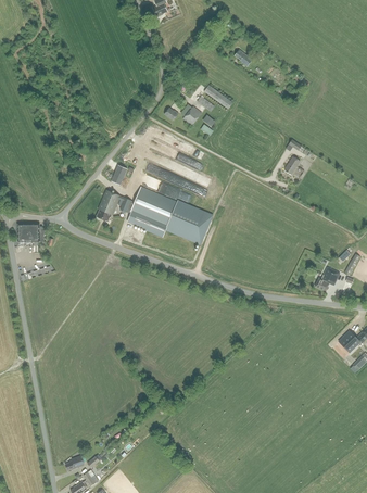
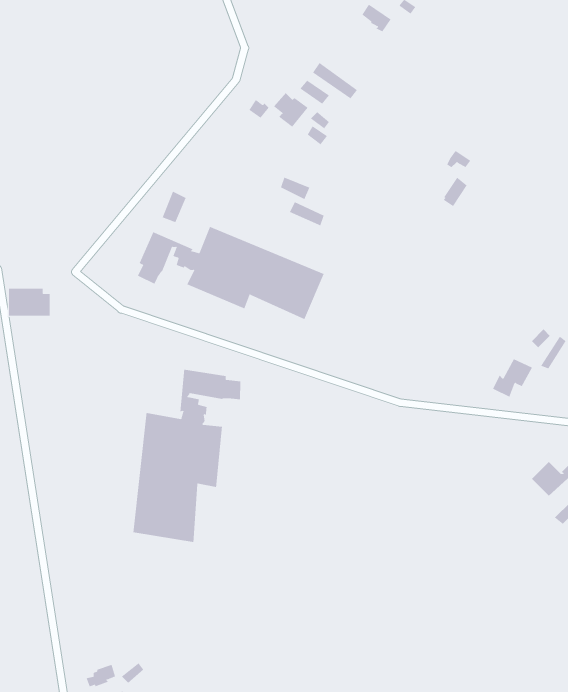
building: none -> [133,369,241,543]

